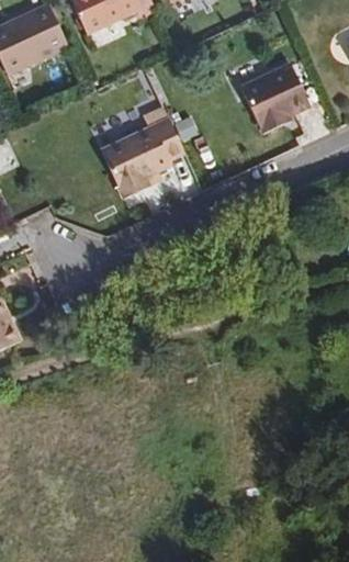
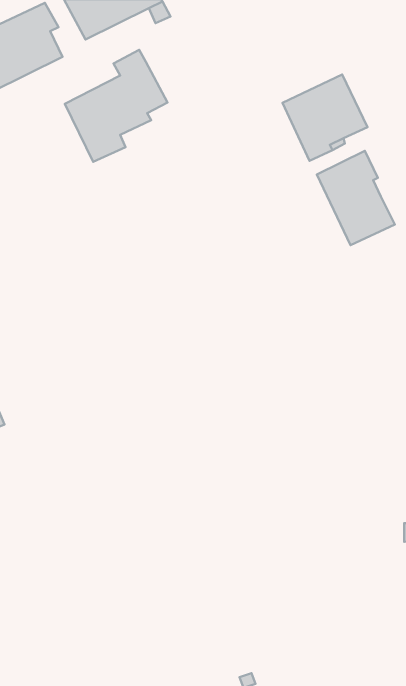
building: [103,105,187,196] -> [65,50,167,162]
building: none -> [317,151,395,245]

